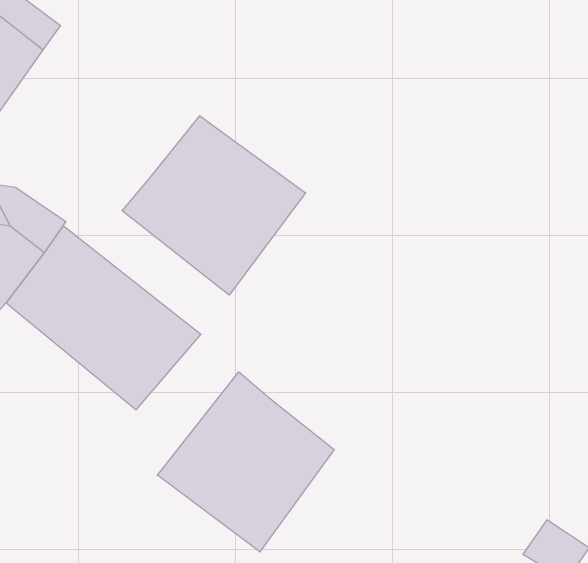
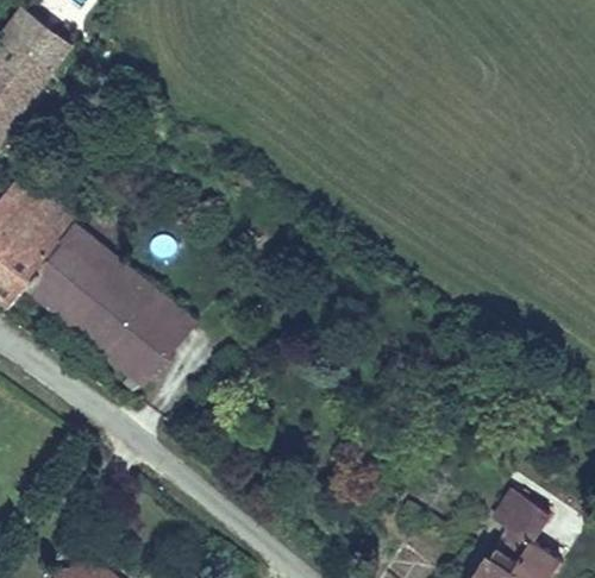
building: [122,116,306,295] -> none
building: [157,372,334,552] -> none

